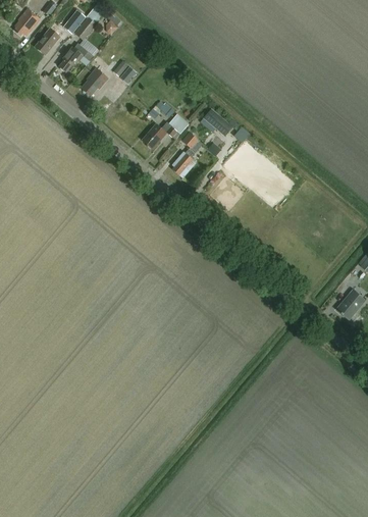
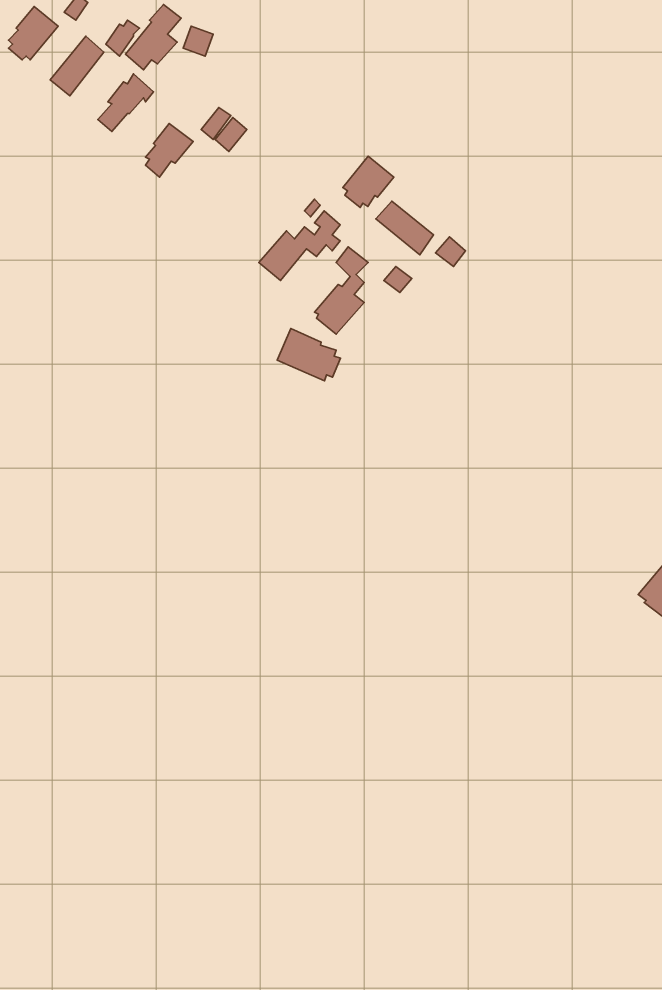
building: none -> [343,156,394,207]
building: none -> [277,329,340,381]

